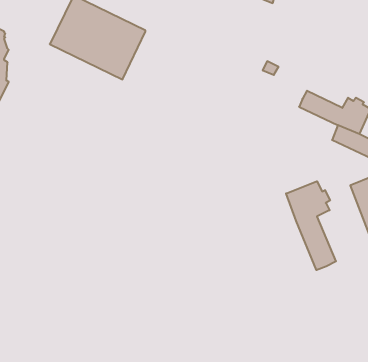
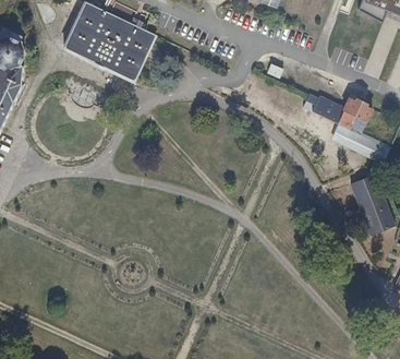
building: [286,181,336,270] -> none

